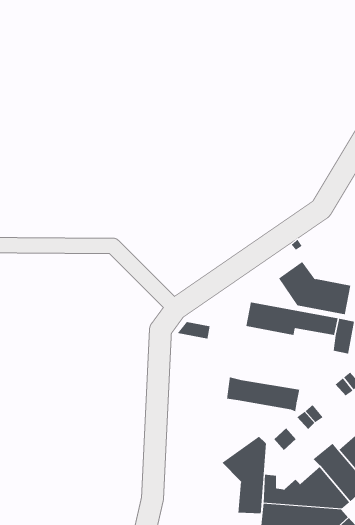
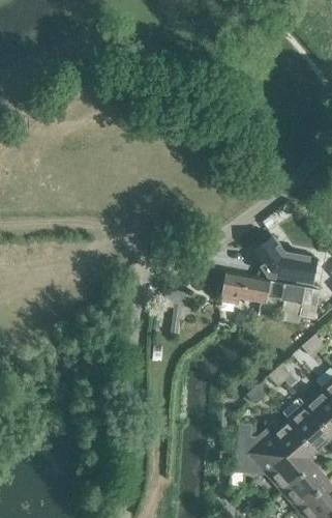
building: [226,377,300,412] -> none
building: [222,436,266,514] -> none

